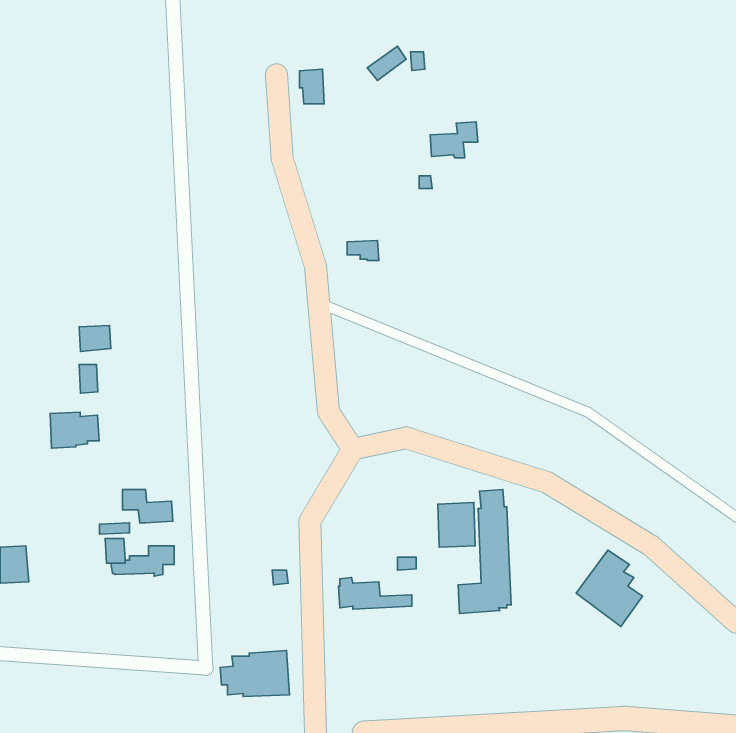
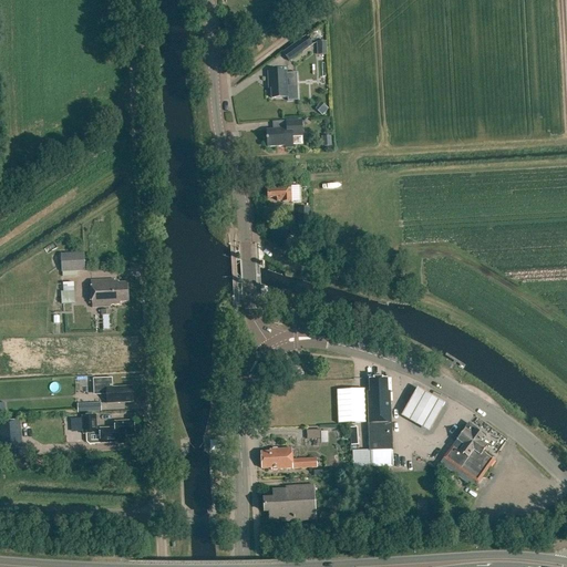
building: [300,69,324,104] -> [268,70,287,96]
building: [430,122,478,158] -> [266,118,302,146]
building: [50,412,99,448] -> [91,278,128,306]
building: none -> [400,382,444,426]
building: [220,650,289,696] -> [264,484,317,519]

